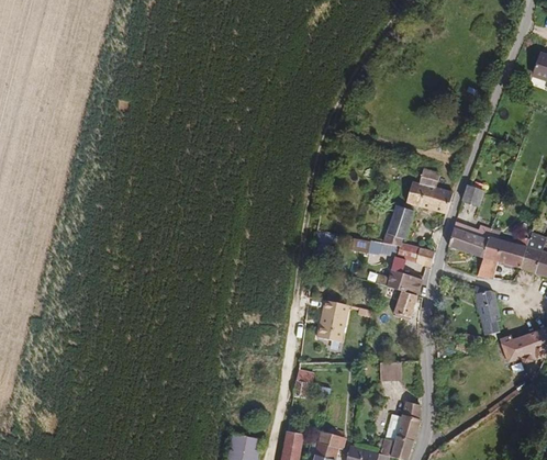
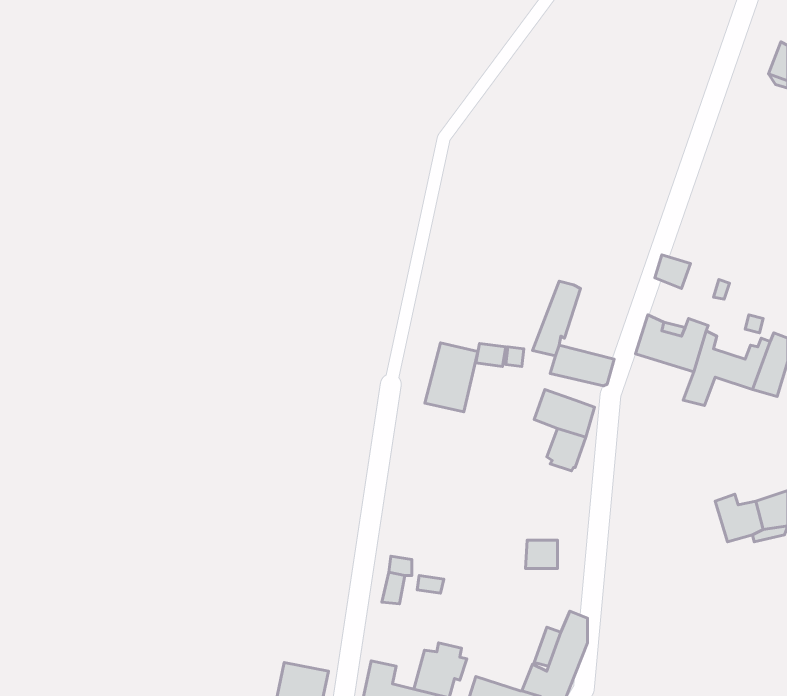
building: [403,166,447,211] -> none
building: [473,289,499,334] -> none
building: [316,302,349,345] -> [425,343,478,412]

